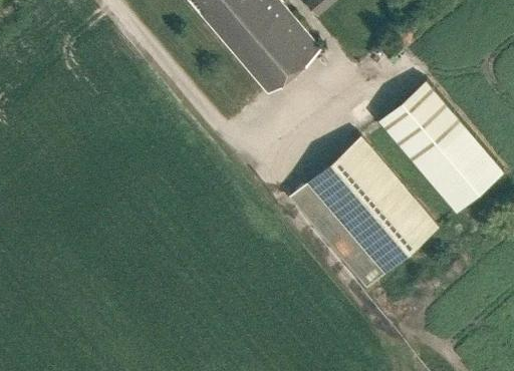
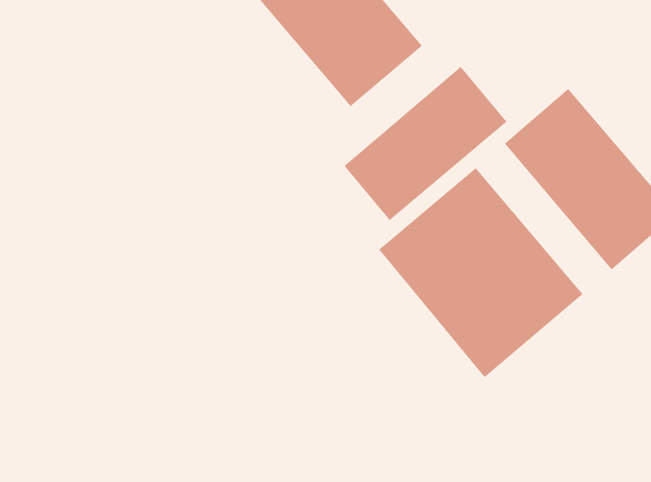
building: none -> [344,66,508,221]

